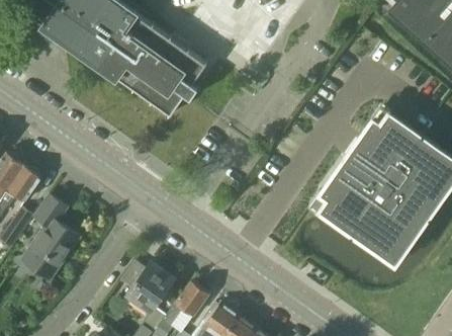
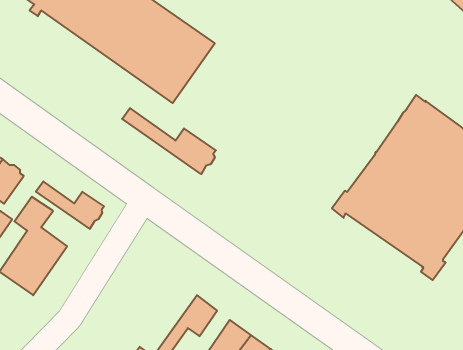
building: none -> [122,108,216,174]
building: none -> [36,181,104,229]
building: [126,262,175,313] -> none

